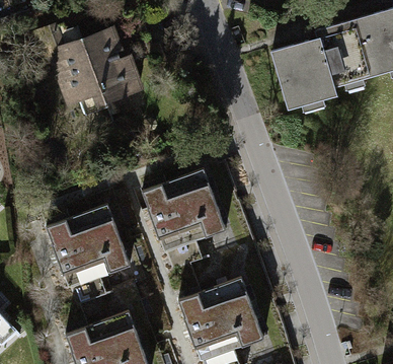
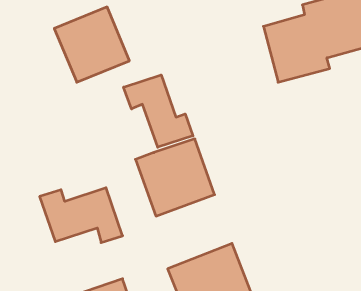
building: none -> [124,75,193,147]

